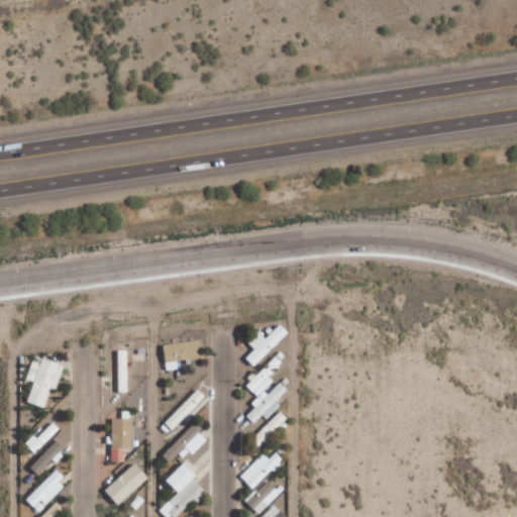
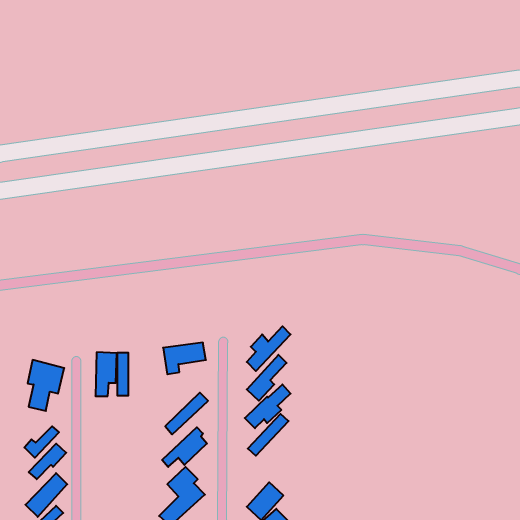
building: [111,419,132,462] -> [95,352,117,396]
building: [239,452,283,490] -> none
building: [103,462,147,507] -> none

